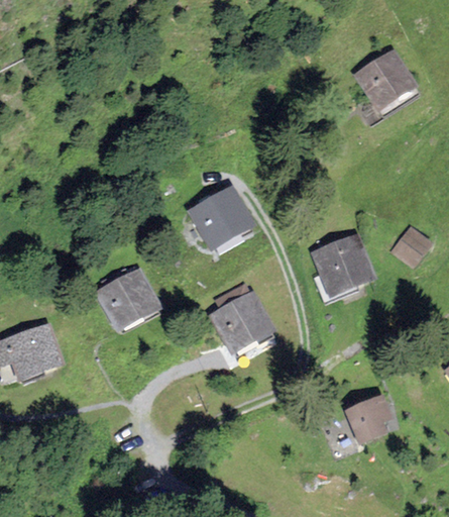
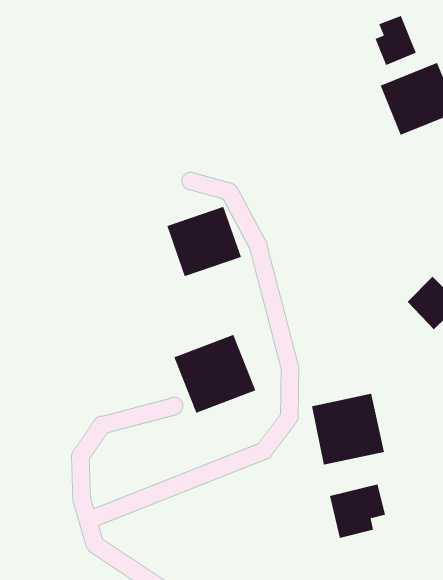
building: none -> [375,15,417,66]
building: [311,232,374,295] -> [311,393,385,465]
building: [97,269,159,330] -> none

